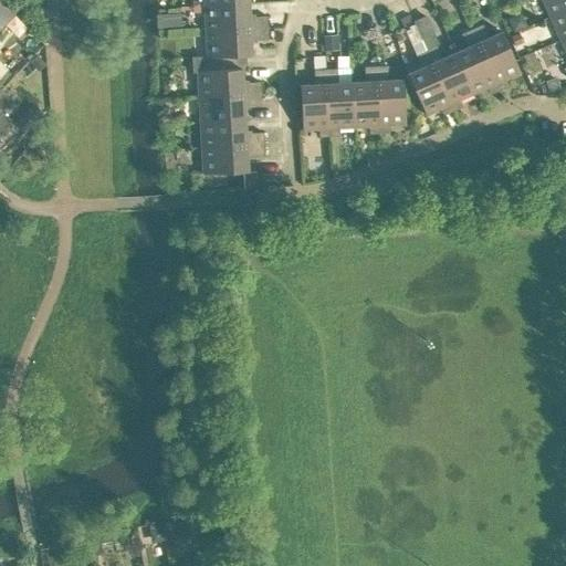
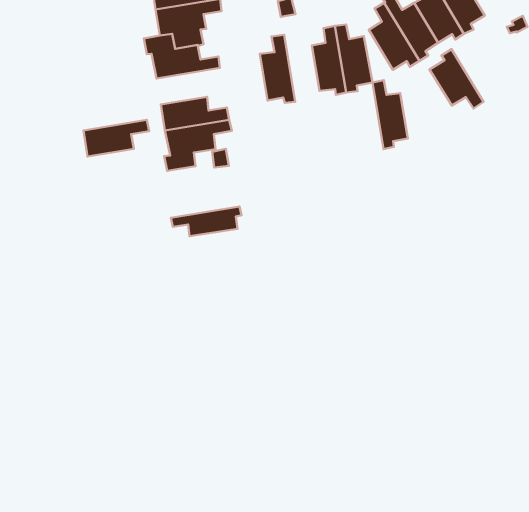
building: [326,67,354,134] -> [373,80,408,149]
building: [199,93,262,122] -> [83,120,149,157]
building: none -> [430,49,484,108]
building: none -> [171,206,241,236]

